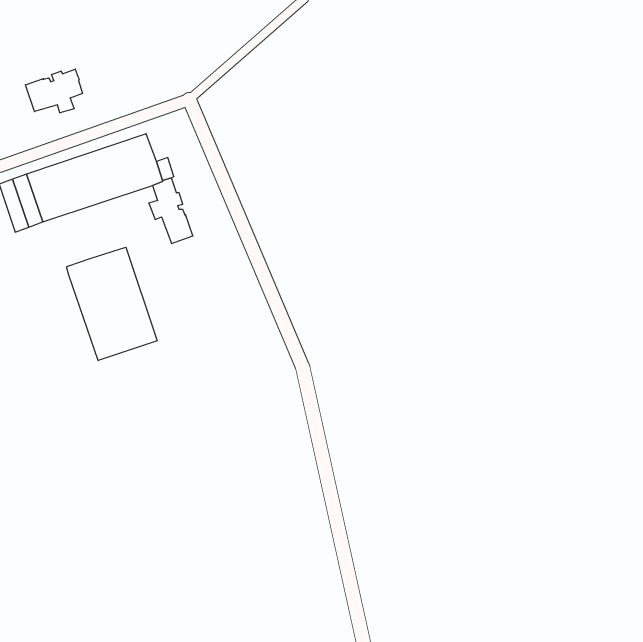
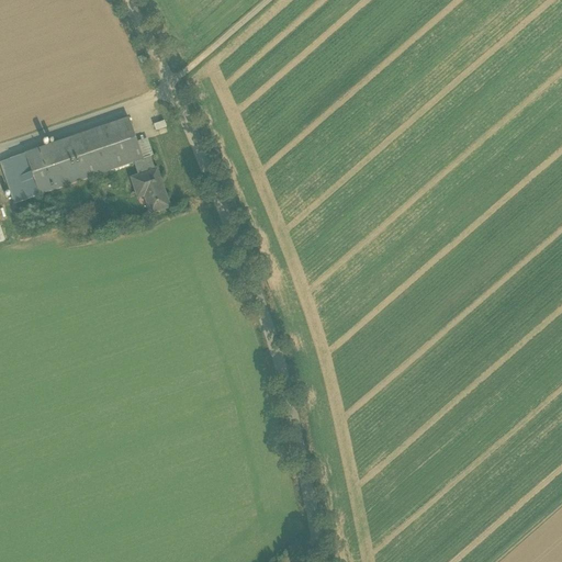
building: [25,69,83,113] -> none
building: [67,247,157,361] -> none

